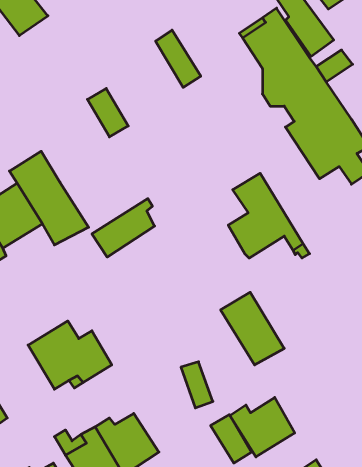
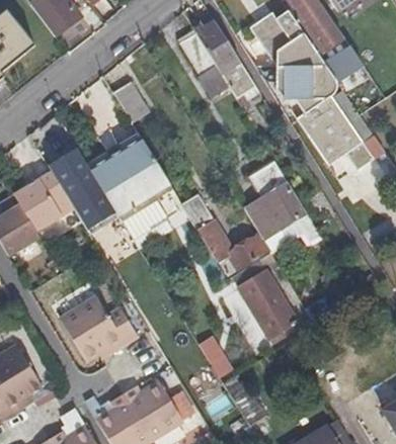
building: none -> [193,21,256,97]
building: none -> [90,136,171,216]
building: none -> [182,193,269,275]
building: [230,397,295,457] -> none

